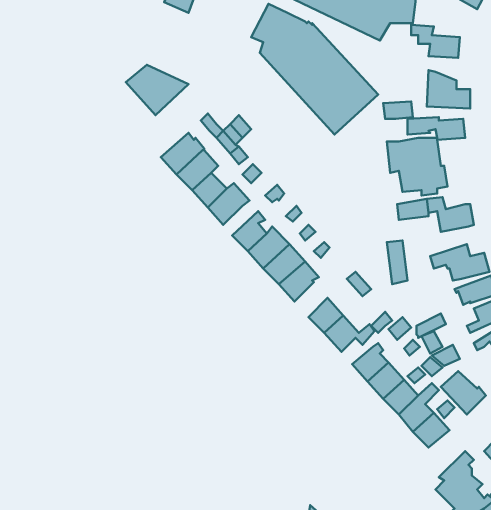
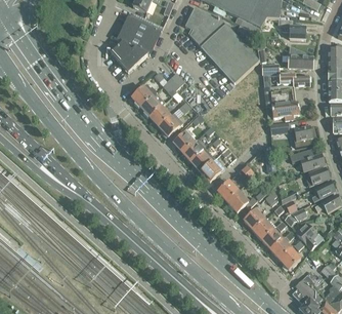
building: none -> [117,14,161,54]

